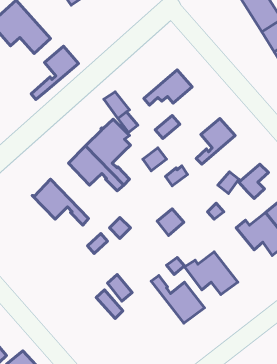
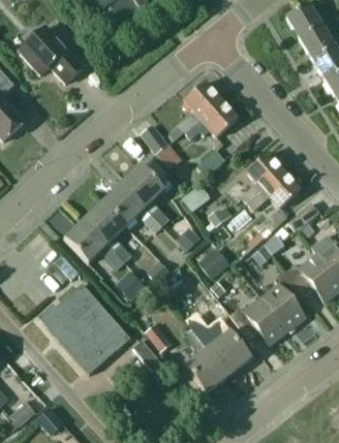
building: [31,46,79,100] -> [168,82,220,139]
building: none -> [247,171,300,210]
building: none -> [83,201,131,261]
building: none -> [260,272,304,330]
building: none -> [41,284,129,371]
building: none -> [184,329,227,392]

